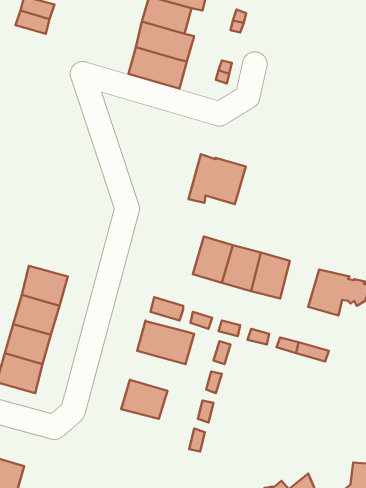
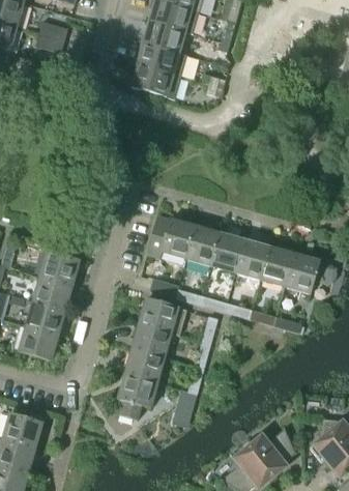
building: [189,154,246,204] -> [146,215,195,258]
building: none -> [260,247,293,286]
building: none -> [132,323,171,357]
building: none -> [114,373,156,420]

